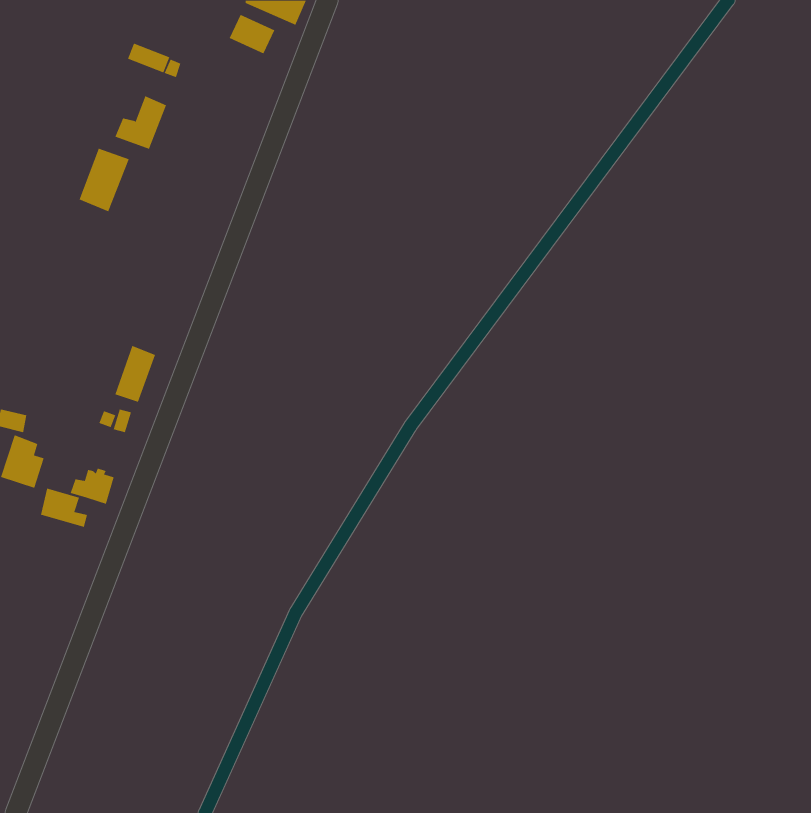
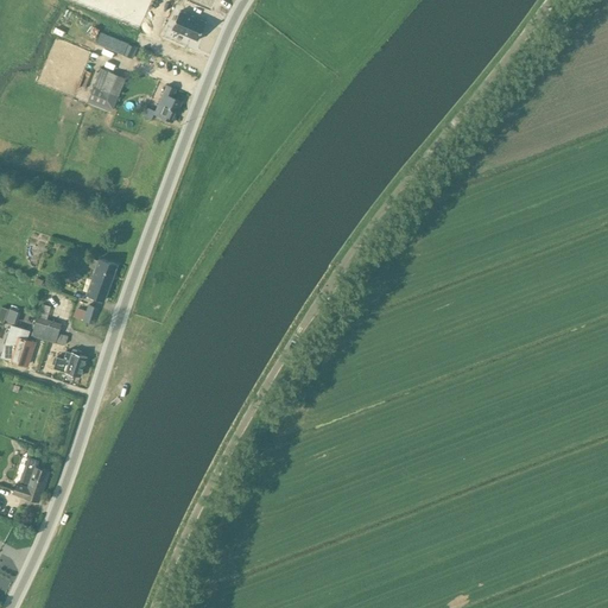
building: none -> [152,84,180,122]
building: [79,148,129,212] -> none
building: [40,488,88,528] -> [31,316,66,346]
building: none -> [12,467,45,499]

